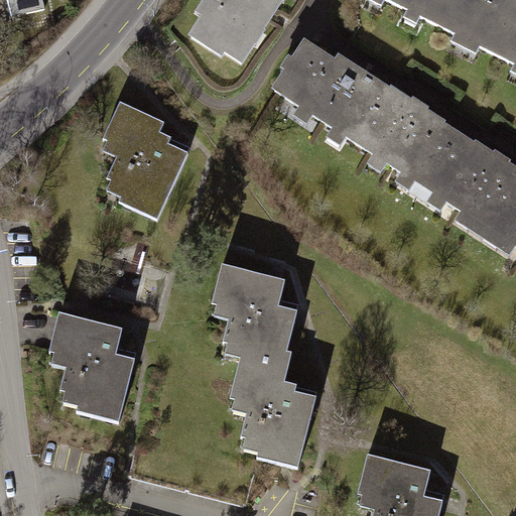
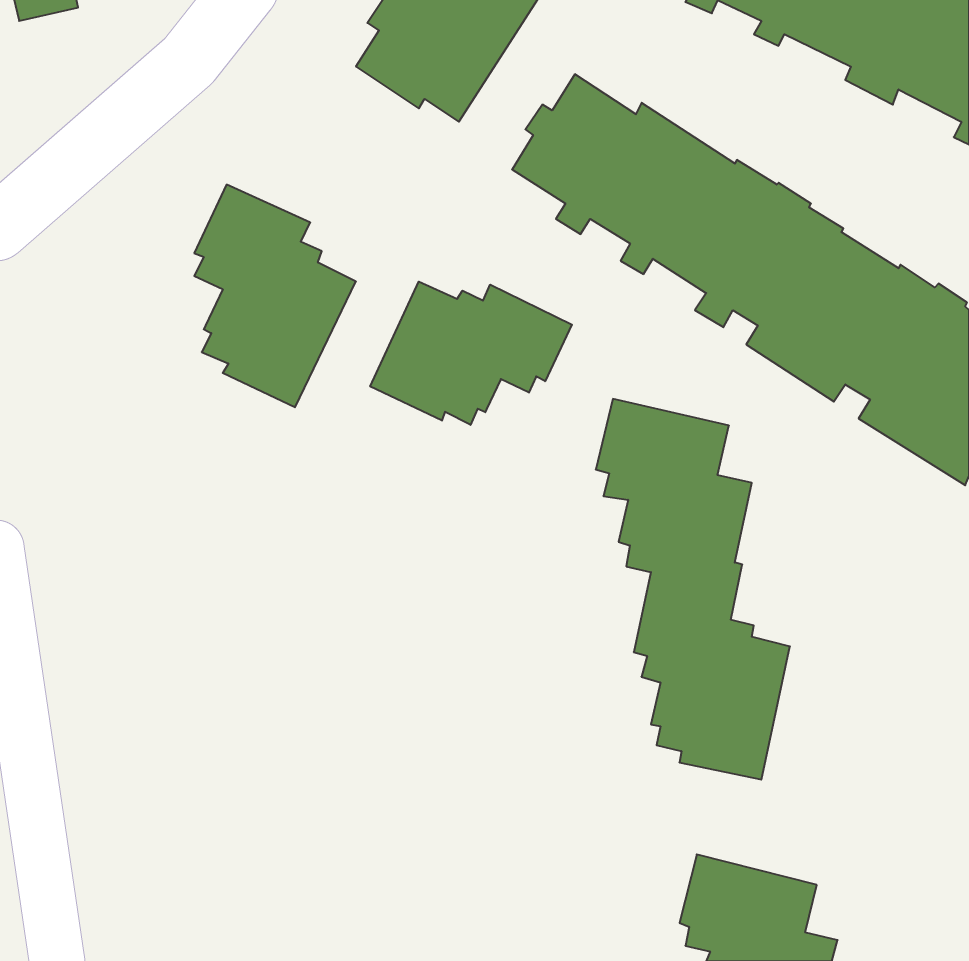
building: none -> [370,282,572,425]
building: [214,262,316,464] -> [596,399,790,780]
building: [50,311,134,420] -> none

